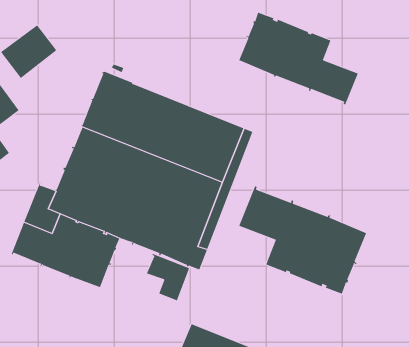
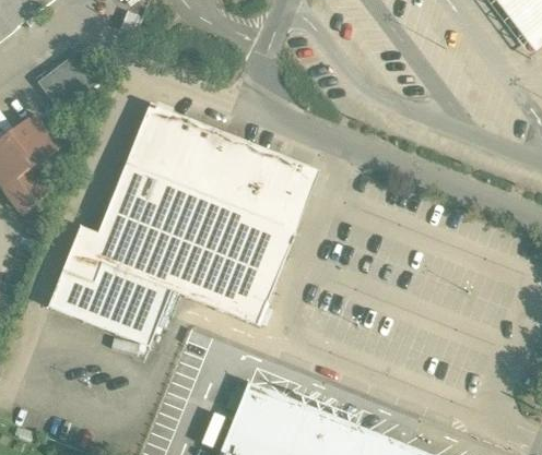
building: [239,12,358,105] -> none
building: [238,186,367,295] -> none
building: [146,253,190,301] -> none

